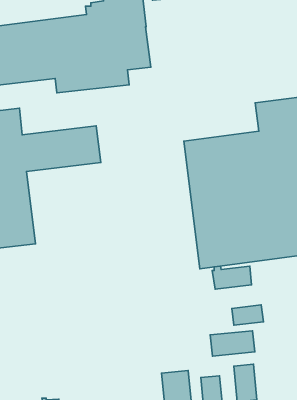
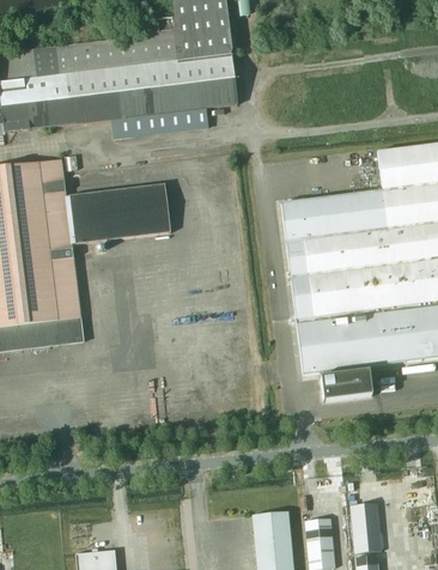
building: [232,305,263,325] -> none
building: [210,331,255,356] -> none

